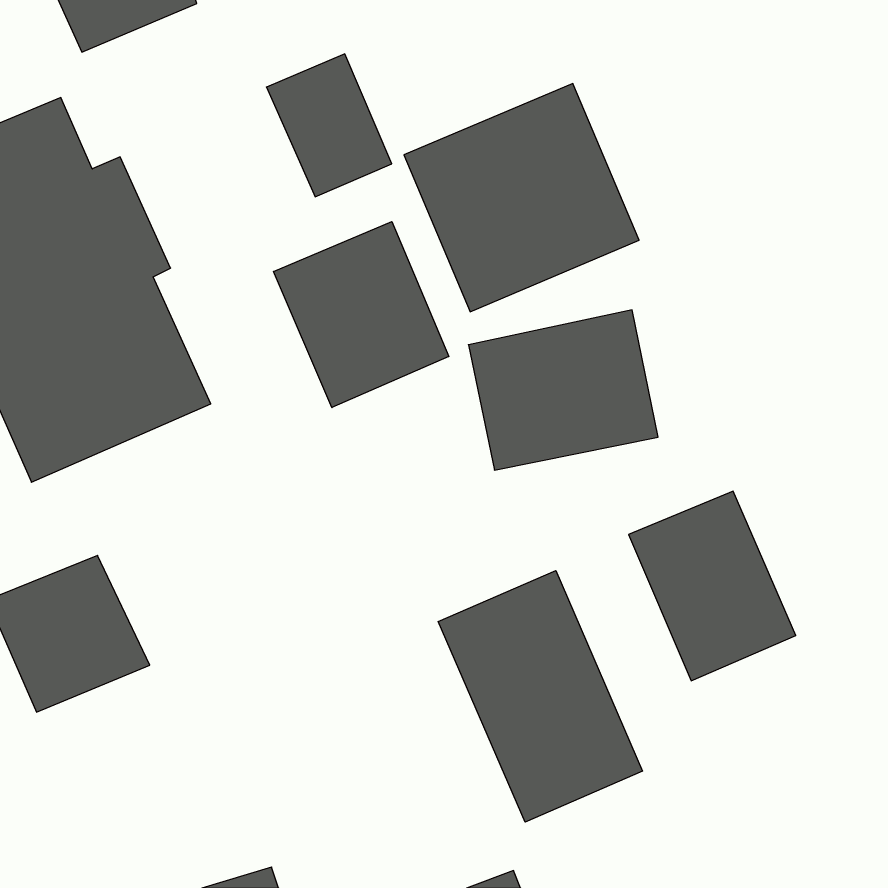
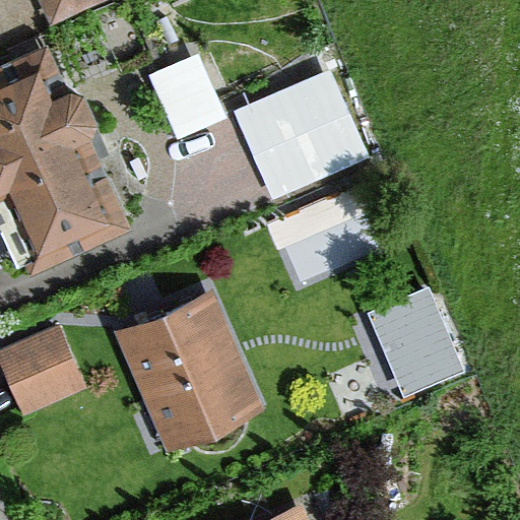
building: [274,222,449,408] -> none
building: none -> [114,296,263,455]
building: [438,571,643,822] -> none

